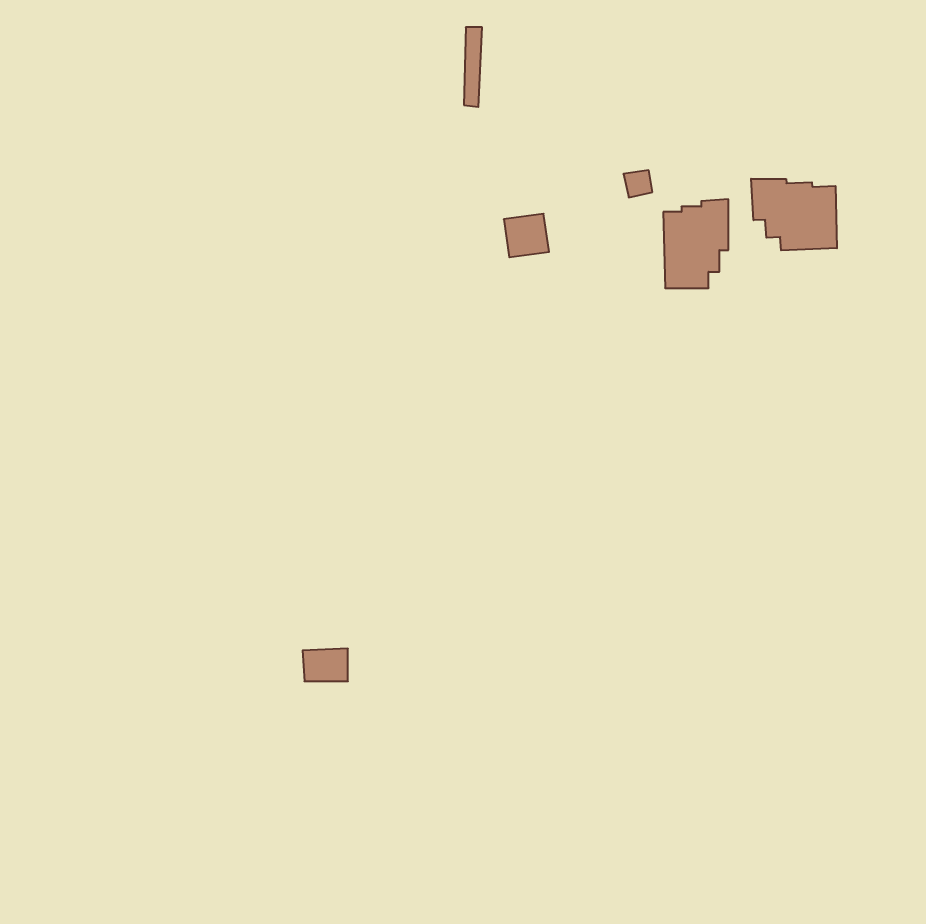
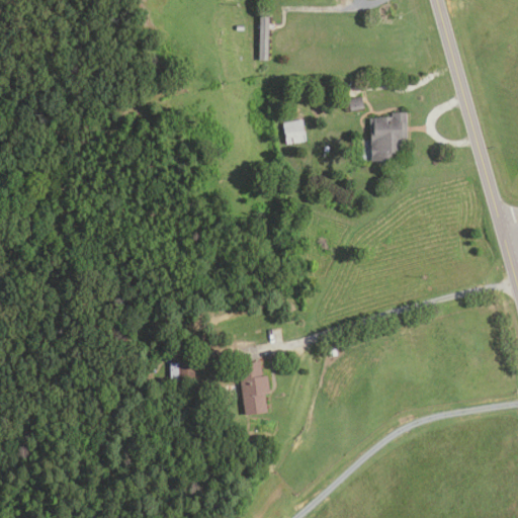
building: [751,179,837,250] -> none
building: none -> [238,361,270,415]

